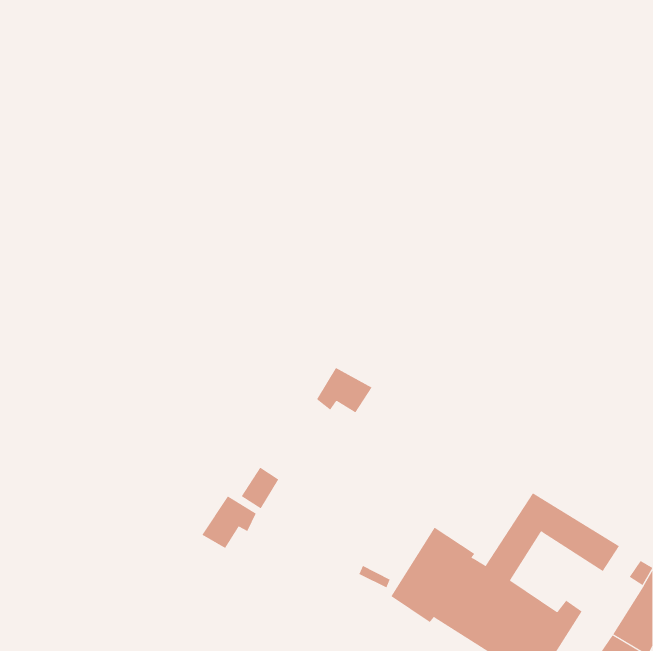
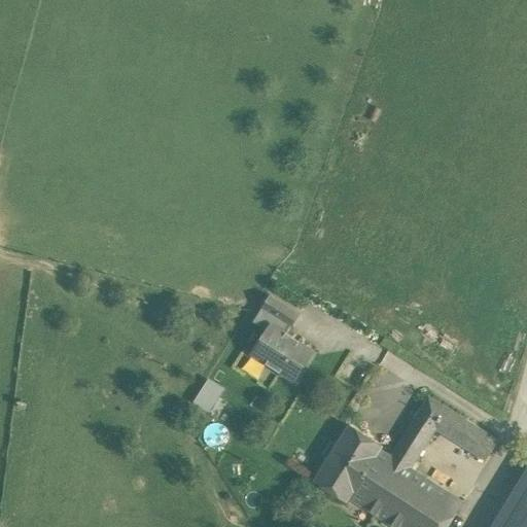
building: none -> [250,325,314,382]
building: [201,496,256,549] -> none

